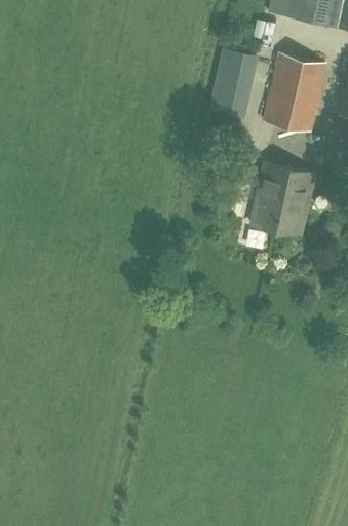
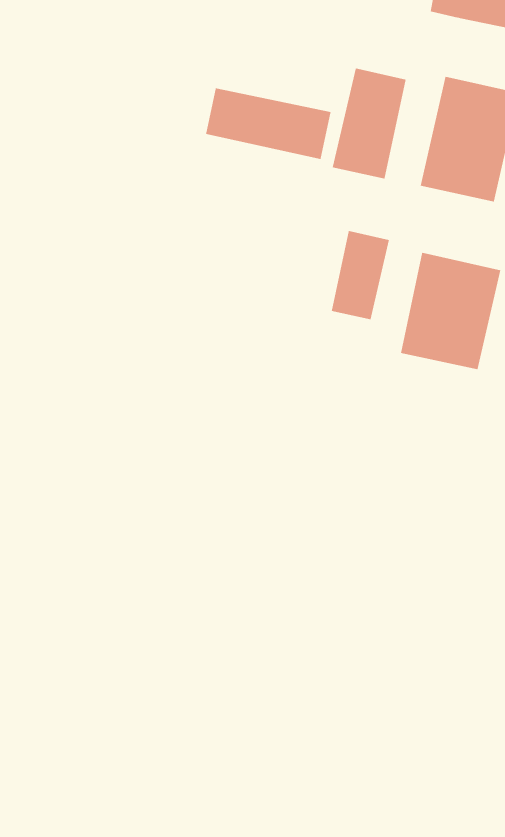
building: none -> [206,87,331,160]
building: none -> [331,230,390,320]

